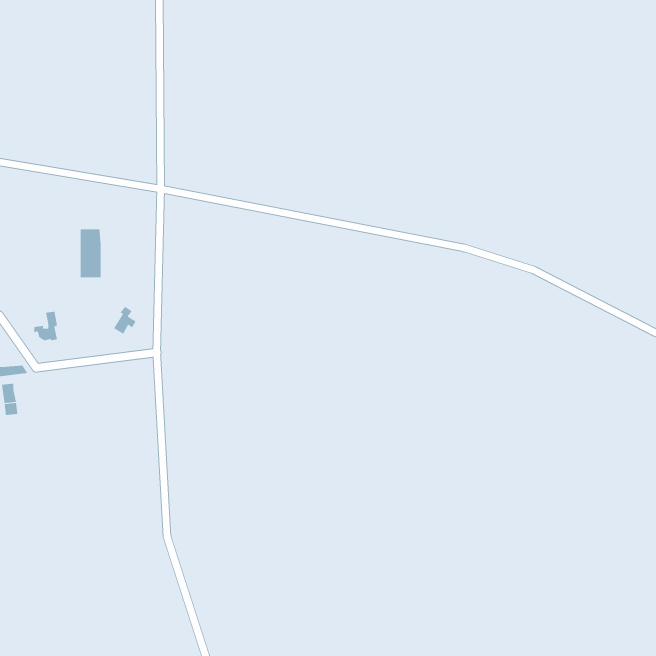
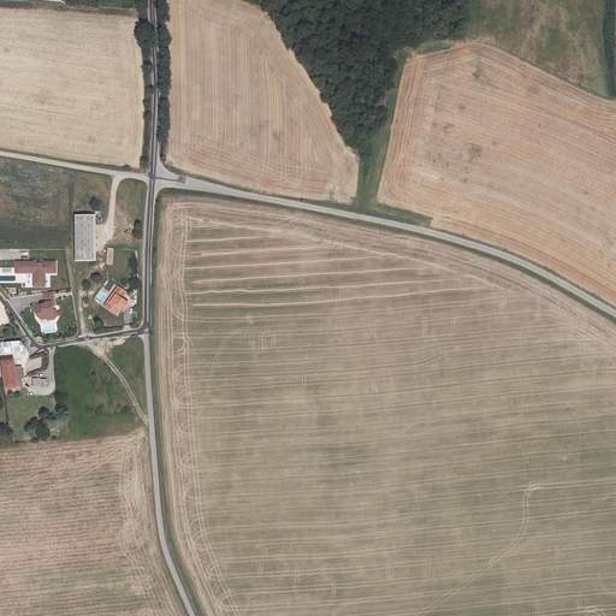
building: none -> [14,261,55,284]

